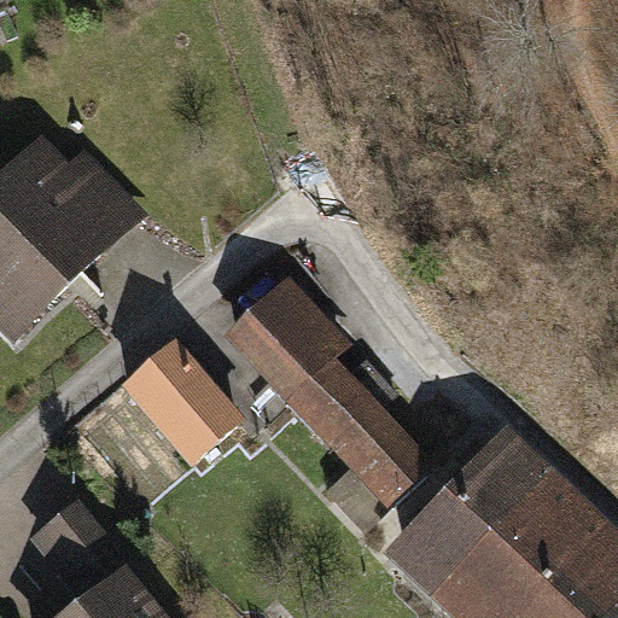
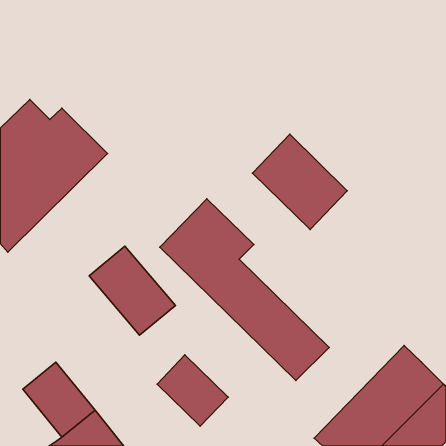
building: none -> [253,134,347,230]
building: [383,427,559,606] -> none
building: none -> [157,355,228,426]

